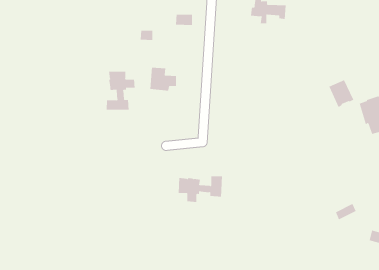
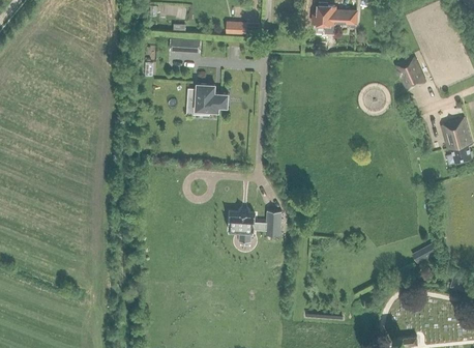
building: [106,71,135,111] -> none
building: [328,80,354,108] -> [395,58,425,91]

